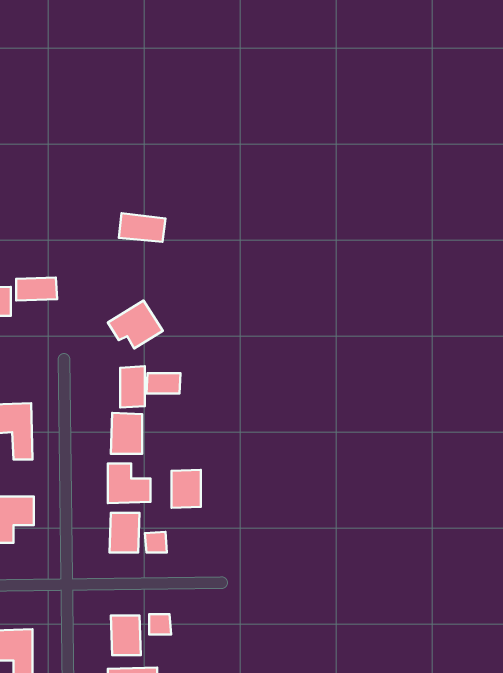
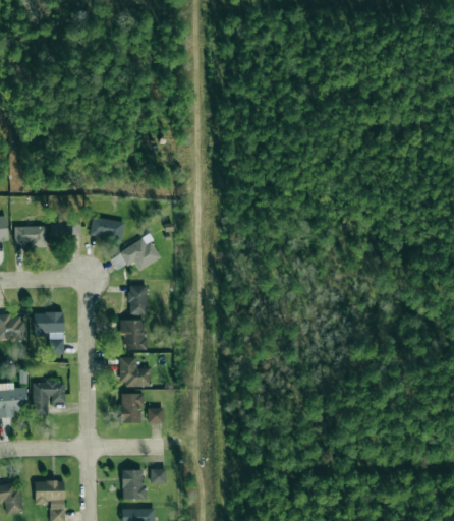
building: [119,213,165,242] -> [90,218,124,239]
building: [146,373,180,394] -> none
building: [172,470,201,508] -> none

